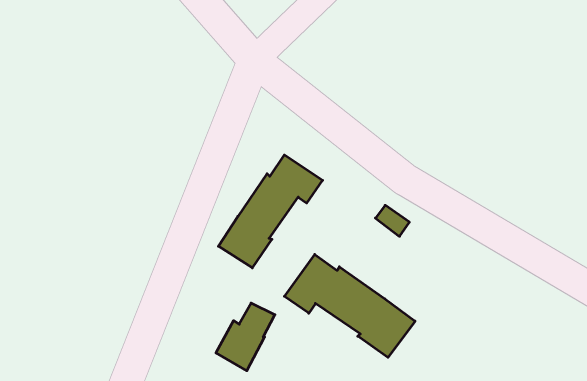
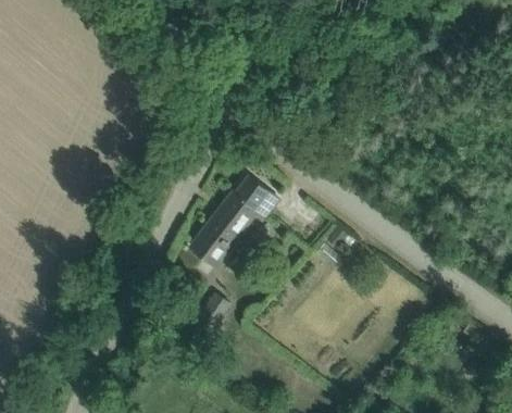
building: [284,254,415,357] -> none

